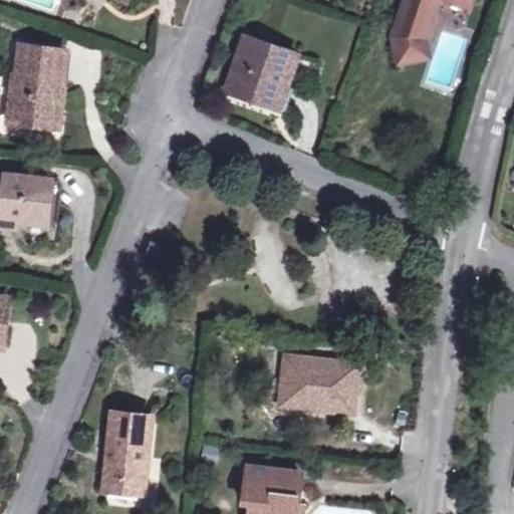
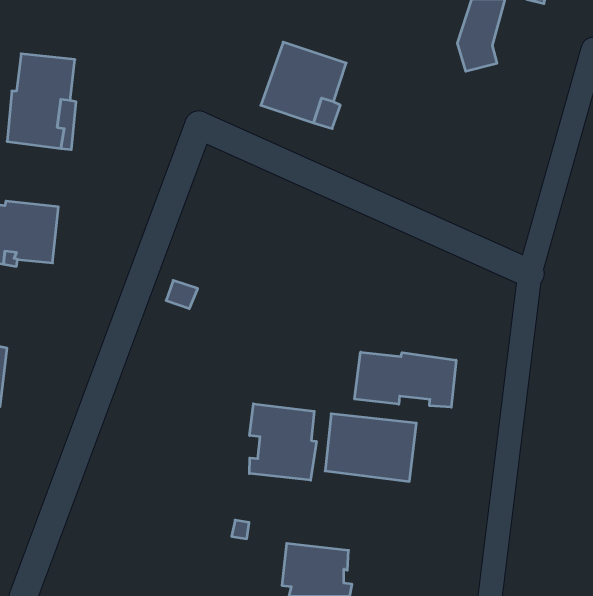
building: none -> [355,352,456,407]
building: none -> [249,404,316,480]
building: [102,412,150,492] -> none

